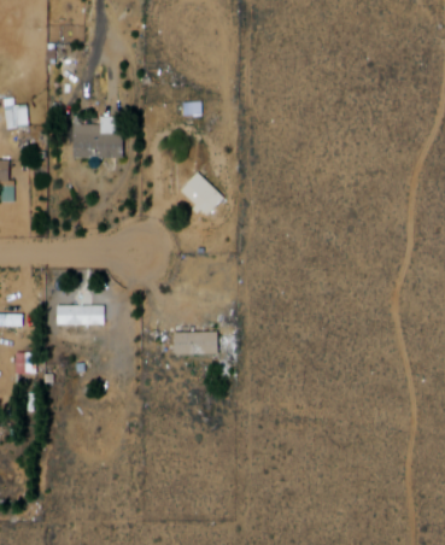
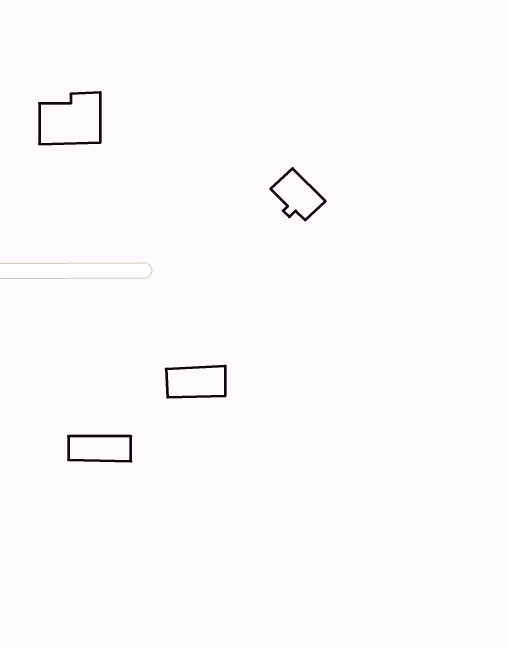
building: [181,174,223,213] -> [271,168,325,220]
building: [57,305,105,324] -> [68,436,131,461]

